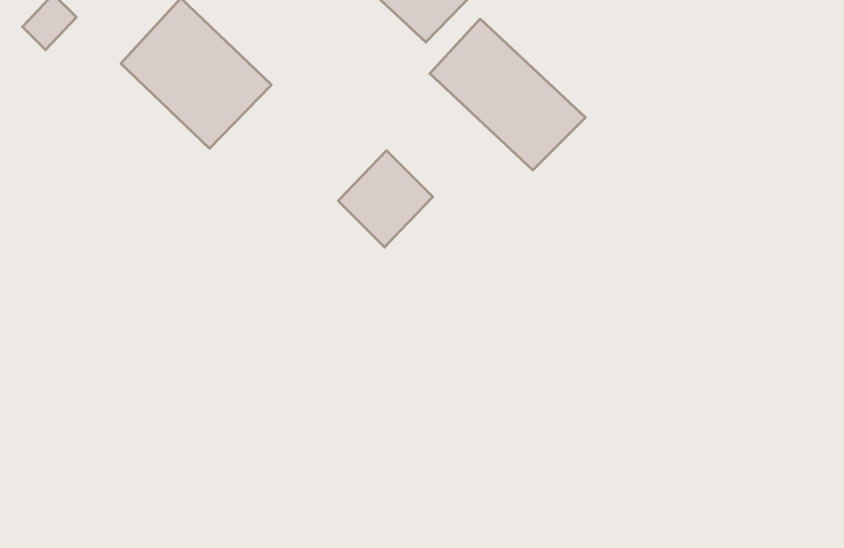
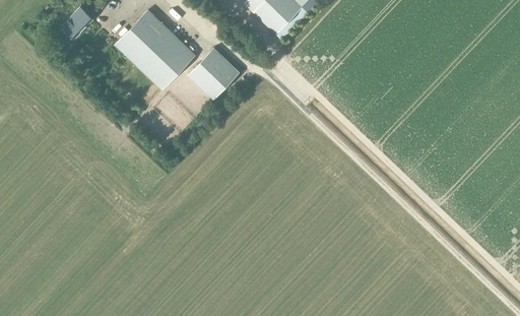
building: [430,19,585,170] -> none
building: [338,151,433,247] -> [189,48,239,99]

